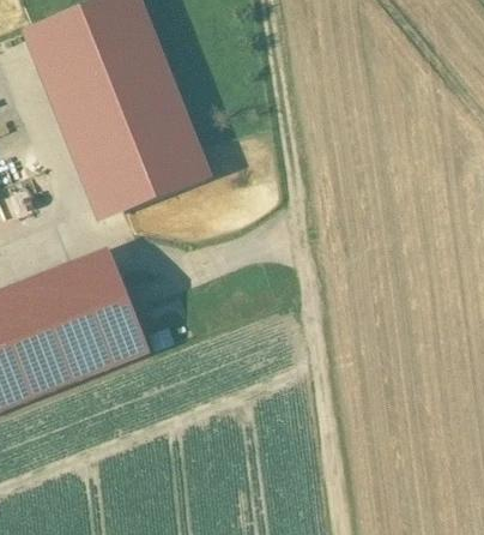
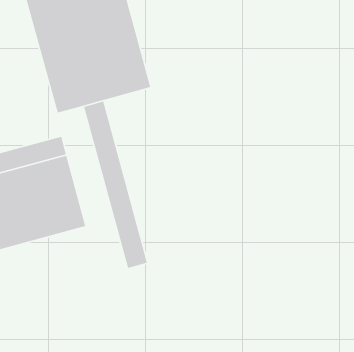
building: none -> [83,101,148,269]

